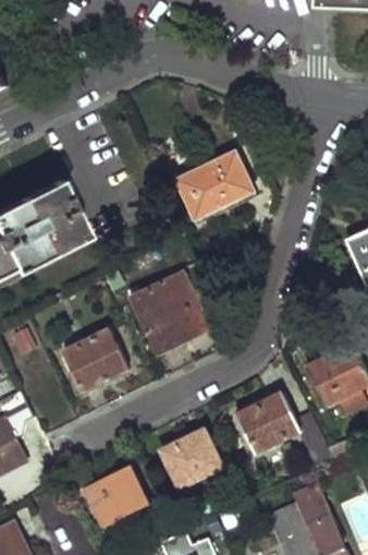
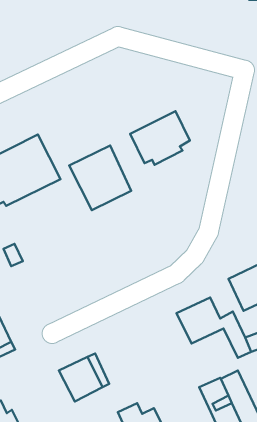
building: [130,270,210,354] -> [69,145,131,210]
building: [63,330,130,390] -> none
building: [162,429,222,487] -> none

